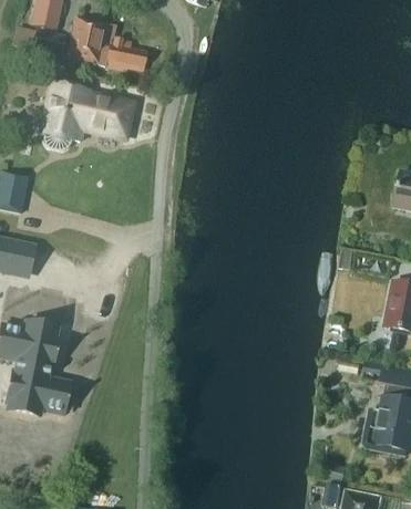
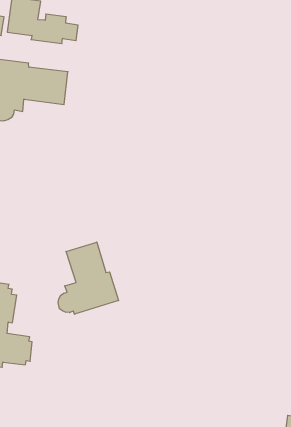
building: none -> [58,242,119,314]

